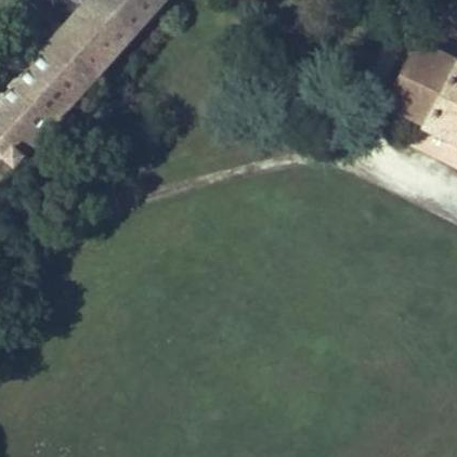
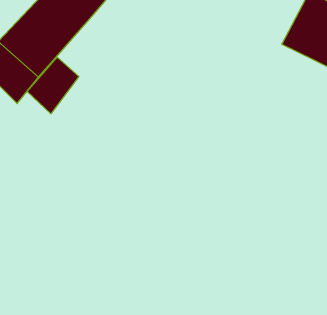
building: none -> [27,57,79,114]

